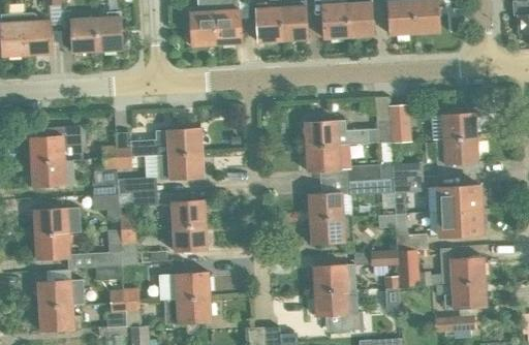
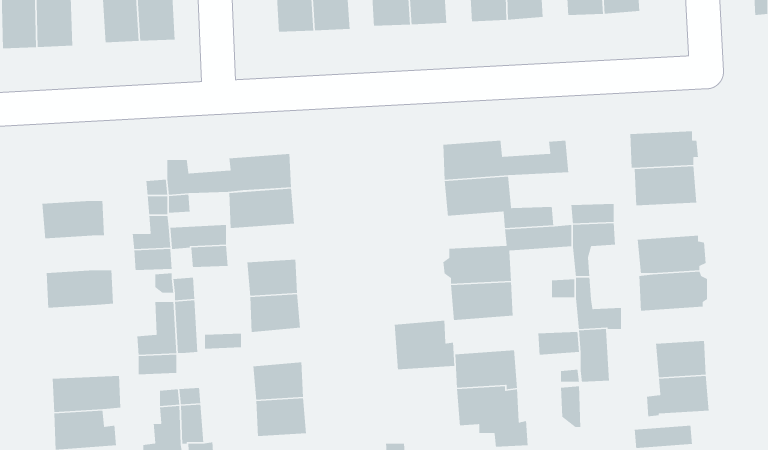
building: [390,105,411,142] -> none
building: [29,127,80,162] -> none
building: [34,232,69,259] -> none
building: none -> [394,320,455,370]

